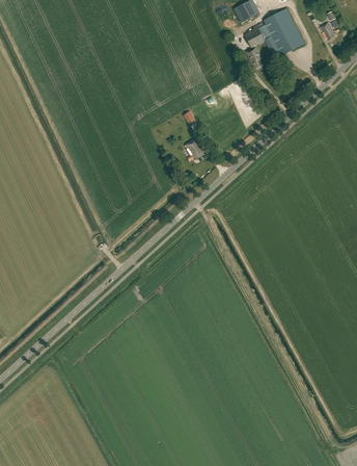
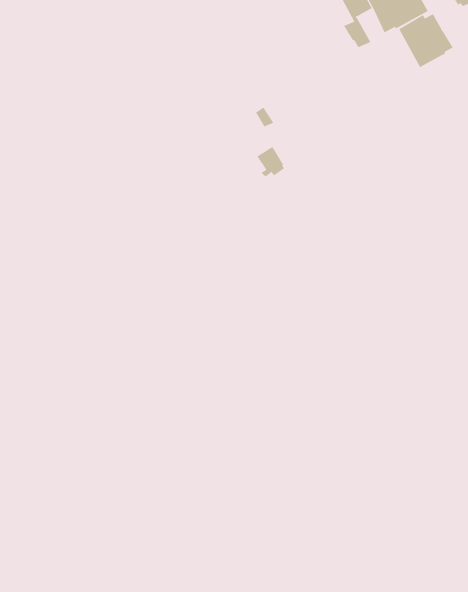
building: none -> [398,14,454,68]

